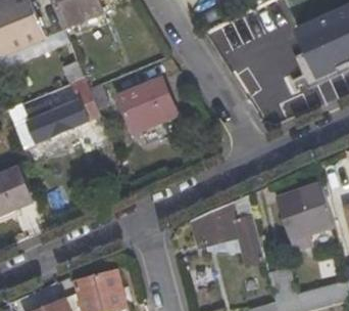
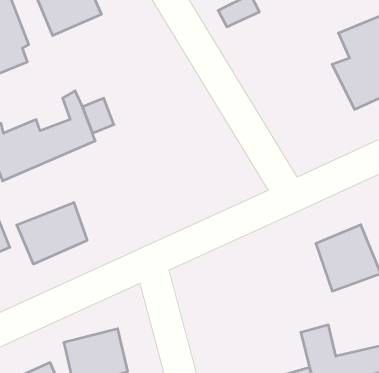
building: [120,80,174,131] -> none
building: none -> [17,202,87,264]
building: [191,193,262,262] -> none

